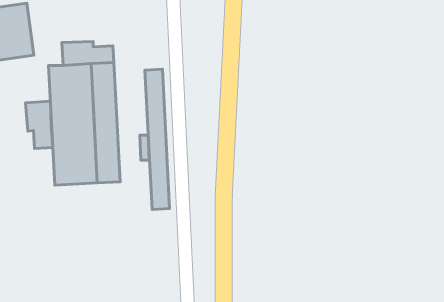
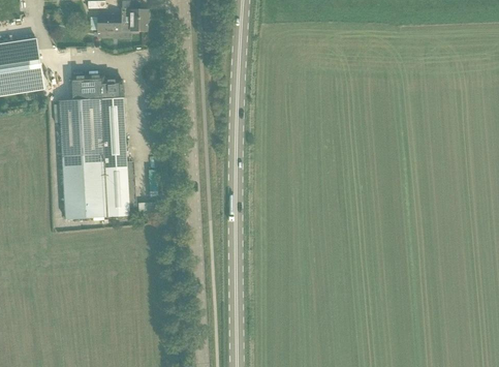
building: [145,69,170,210] -> none
building: [25,101,53,148] -> none

